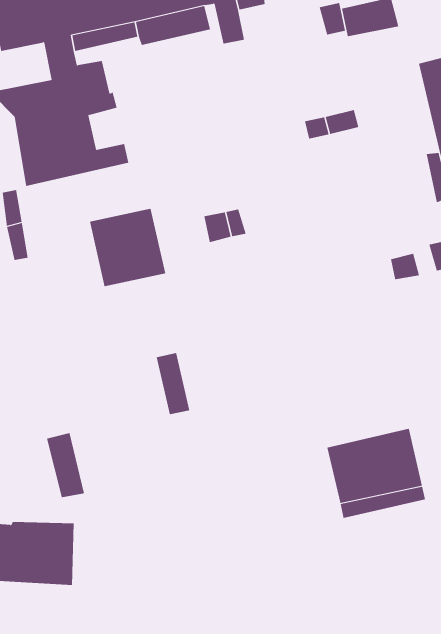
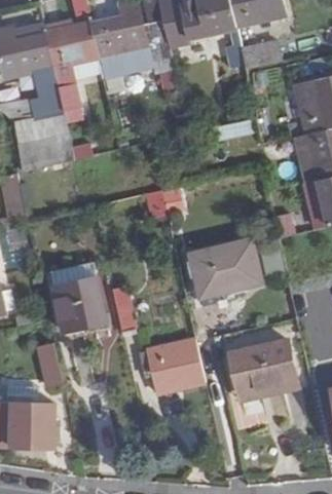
building: [89,208,166,287] -> [52,277,106,332]
building: none -> [189,238,260,296]
building: none -> [145,338,204,393]

